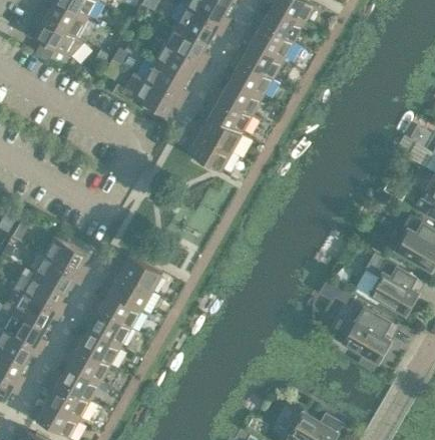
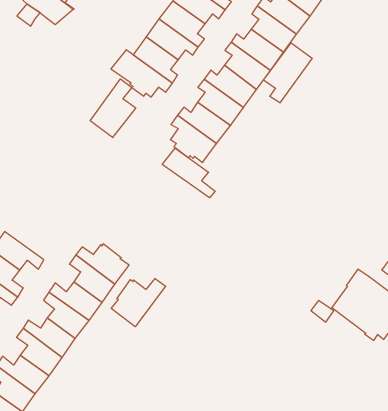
building: none -> [263,43,312,103]
building: none -> [90,79,136,138]
building: none -> [162,148,215,198]
building: [44,237,88,278] -> none
building: none -> [111,279,166,327]
building: [343,304,399,372] -> none

